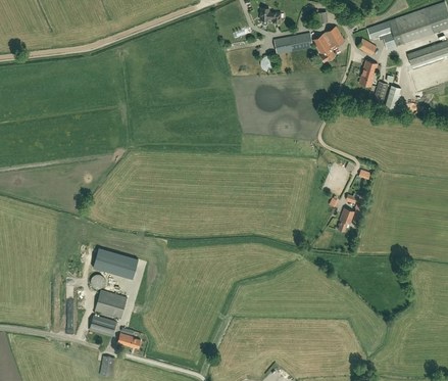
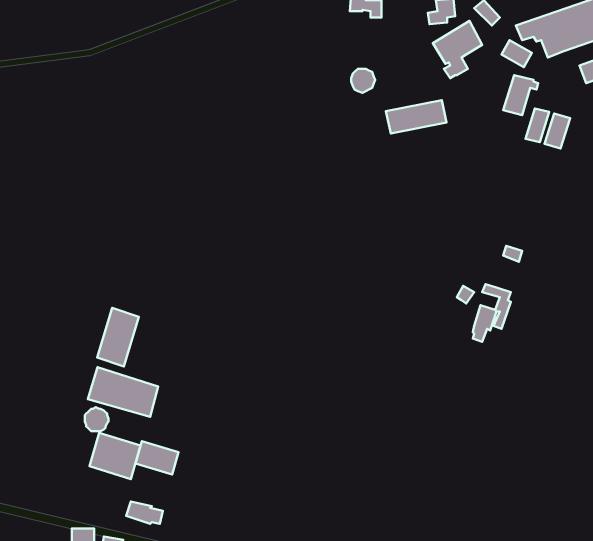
building: [275,33,313,54] -> [386,100,447,134]
building: none -> [97,308,139,366]
building: [89,315,116,336] -> [135,441,179,475]

